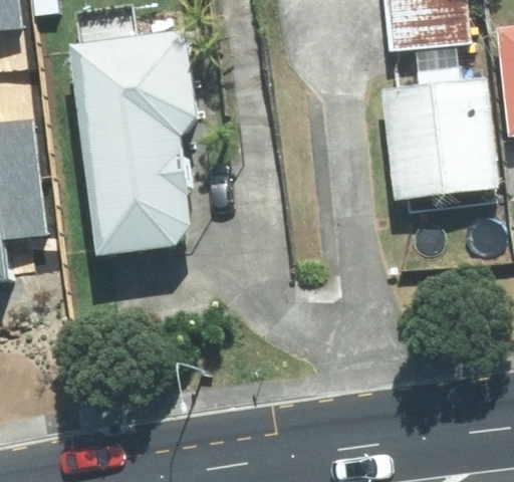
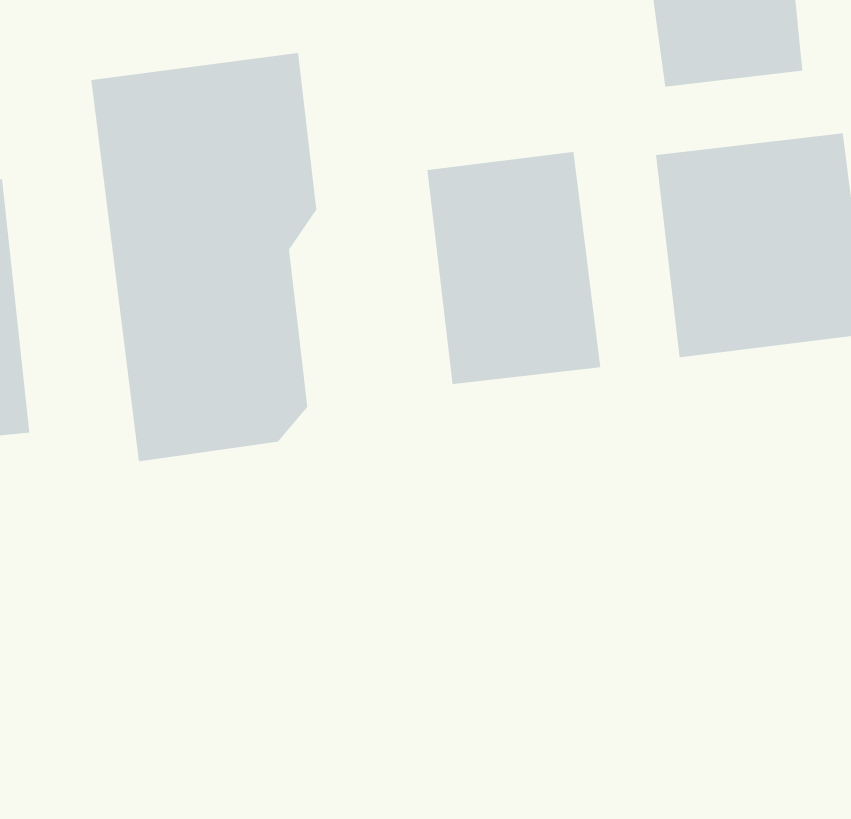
building: none -> [427,151,601,385]

